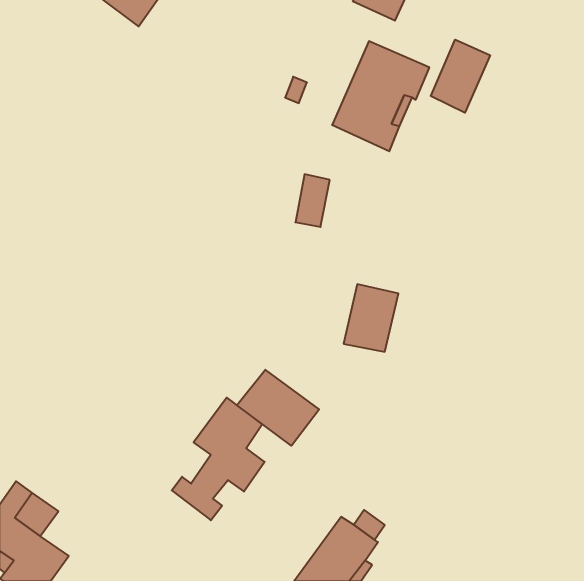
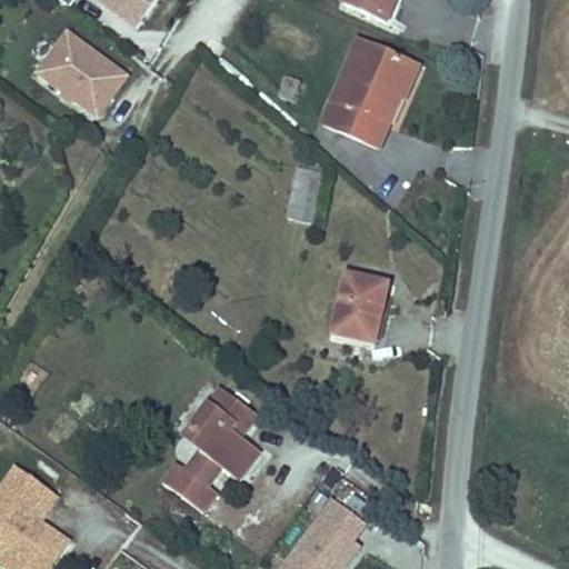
building: none -> [36,30,124,114]
building: [431,40,490,113] -> none
building: [237,370,319,446] -> none

